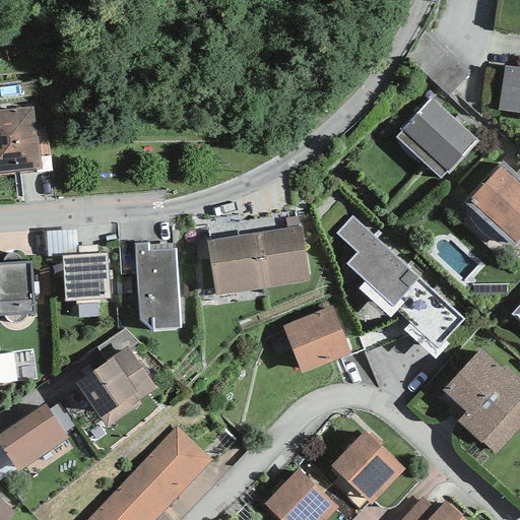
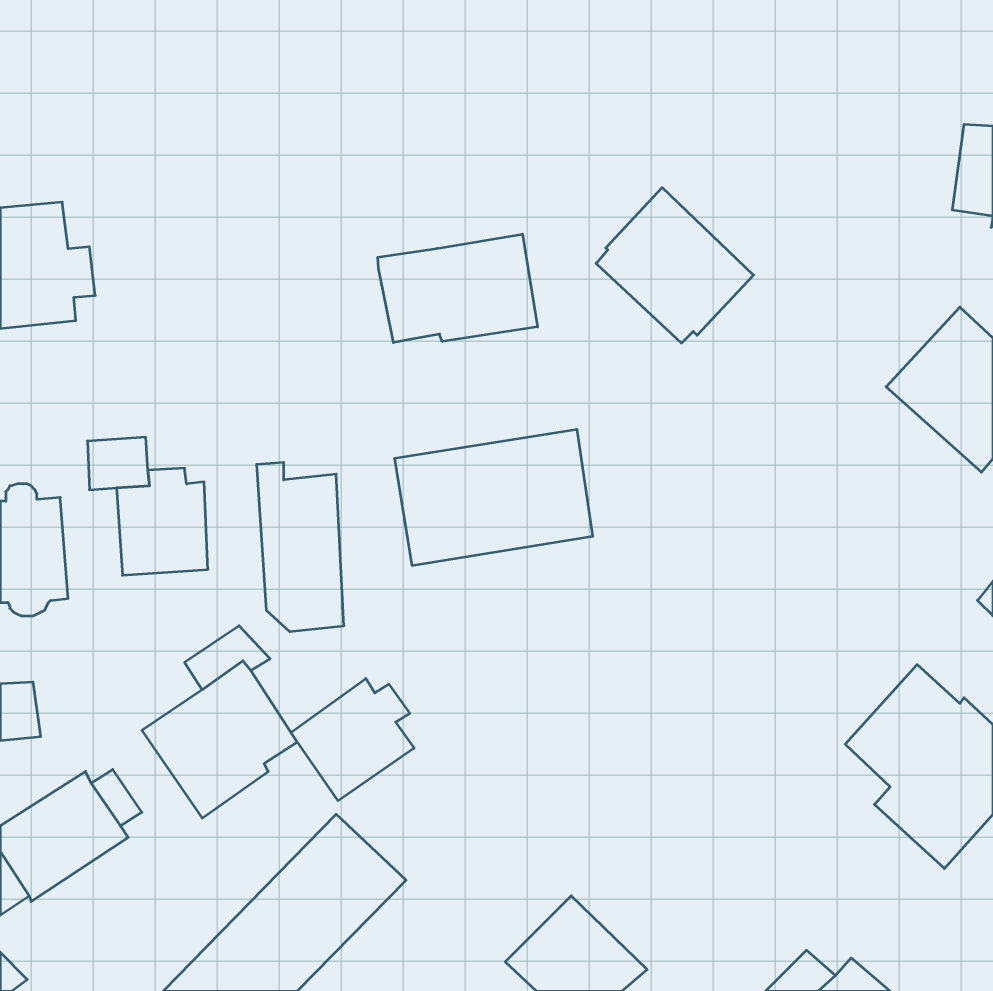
building: [395,96,477,178] -> [596,188,754,343]
building: none -> [378,234,538,343]
building: [336,215,463,346] -> none
building: [282,305,351,372] -> none
building: none -> [291,678,414,801]
building: [331,430,404,504] -> none

